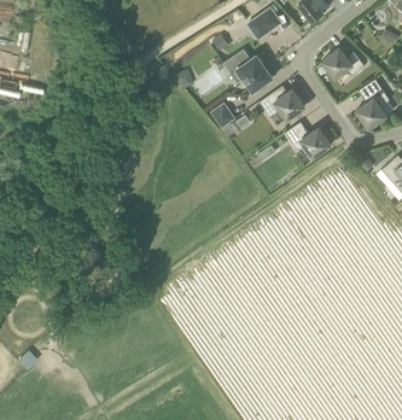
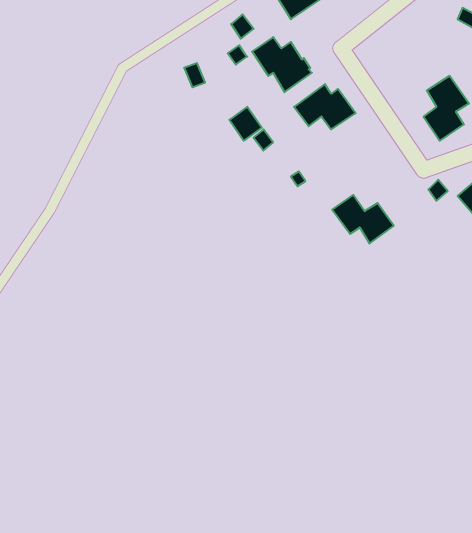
building: [322,46,365,77] -> none
building: [285,121,331,157] -> [332,195,394,244]

